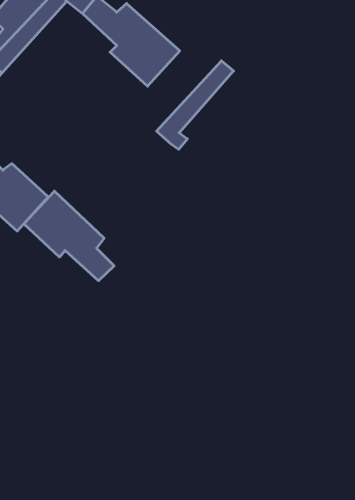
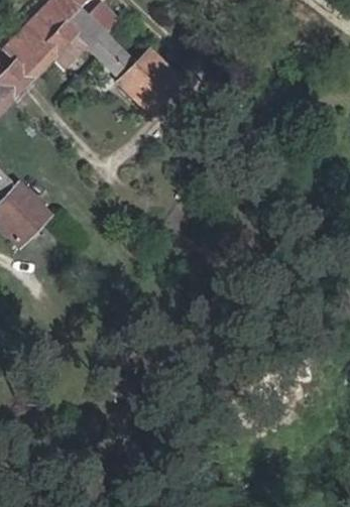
building: [157,61,234,149] -> none
building: [24,191,114,281] -> none

